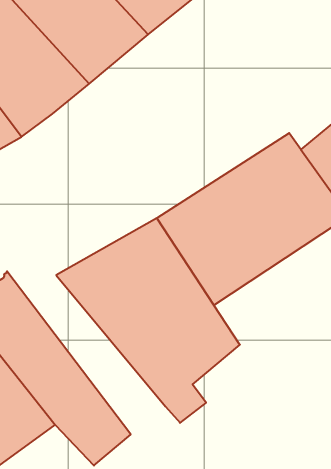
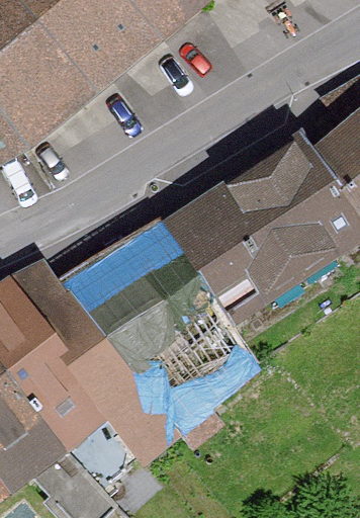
building: none -> [11,268,177,455]

